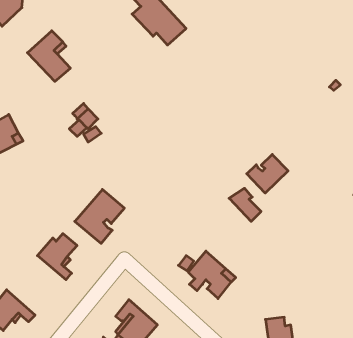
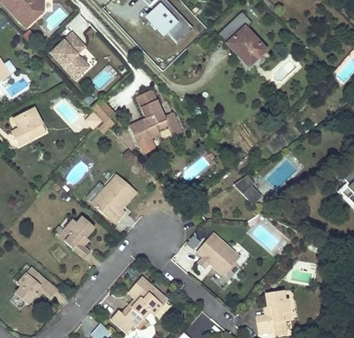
building: none -> [220,13,267,66]
building: none -> [130,89,181,154]
building: [247,154,288,193] -> none

